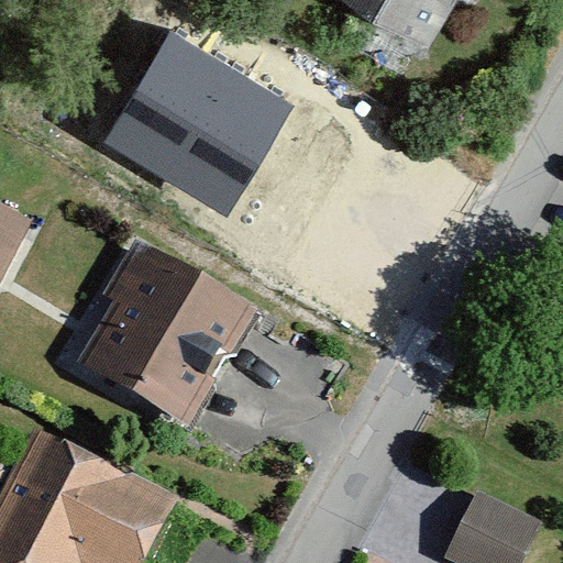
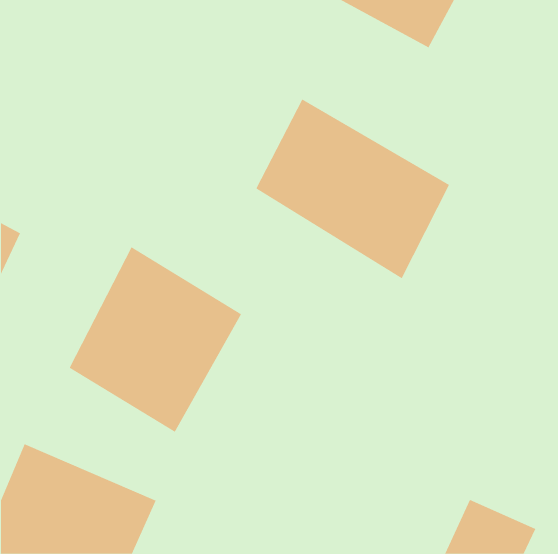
building: [111,32,288,205] -> none
building: none -> [256,99,450,279]

